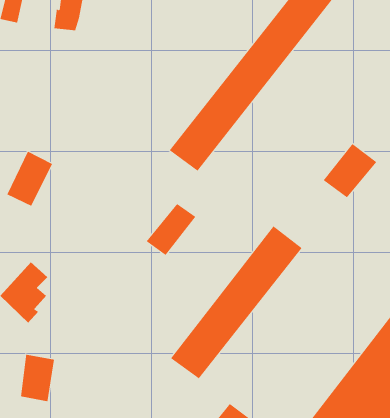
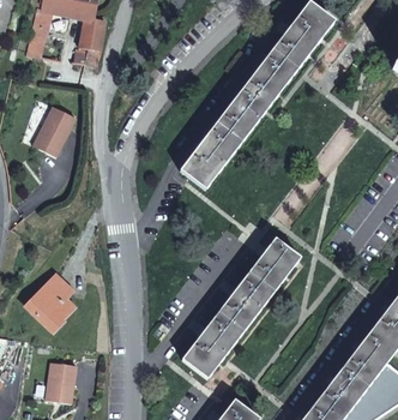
building: [323,143,377,198] -> none
building: [6,151,53,206] -> [31,103,73,154]
building: [146,203,196,256] -> none

